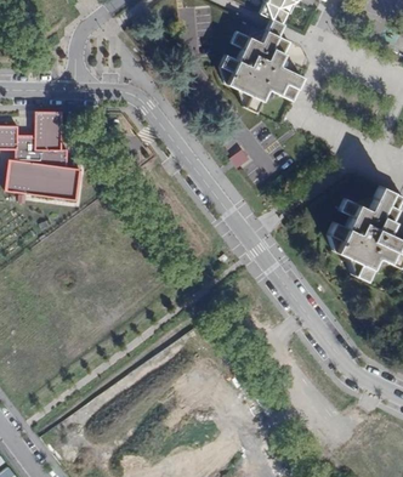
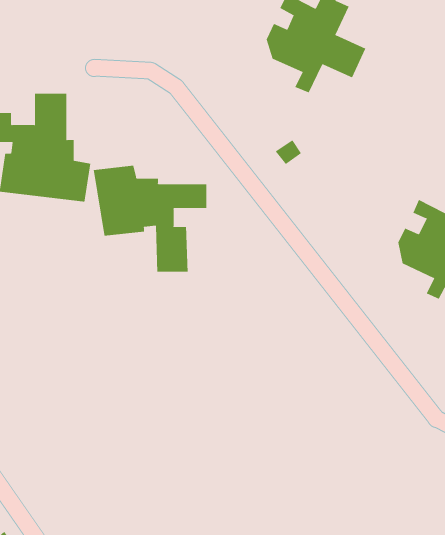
building: none -> [93,165,207,272]

